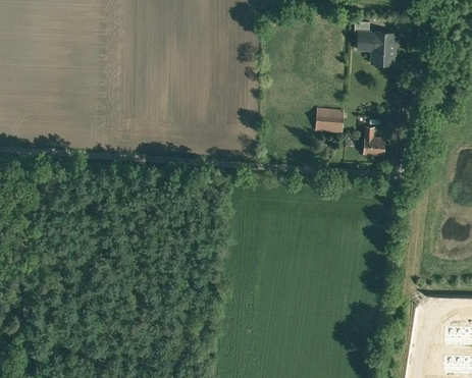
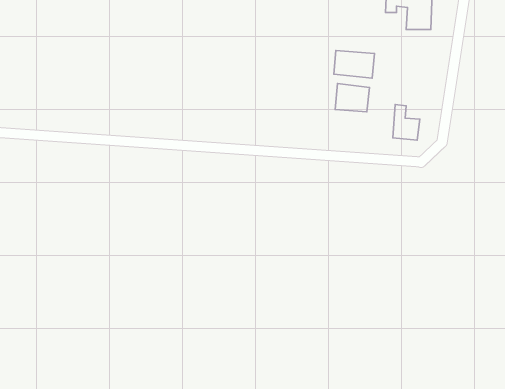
building: none -> [334,50,375,78]

